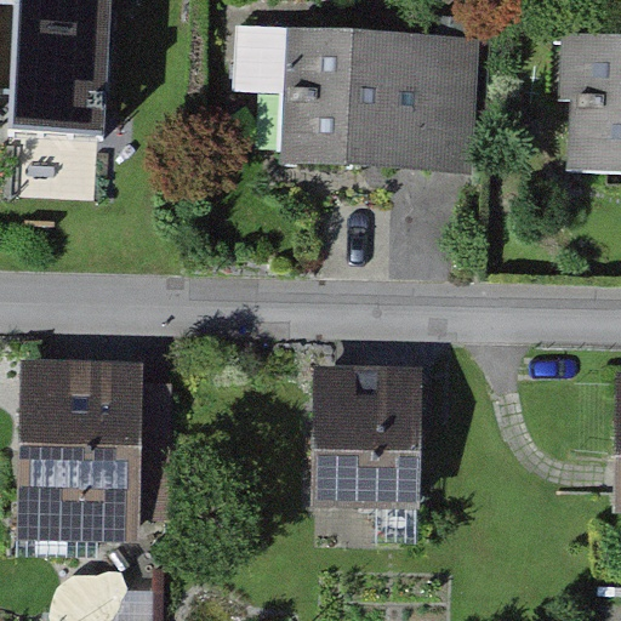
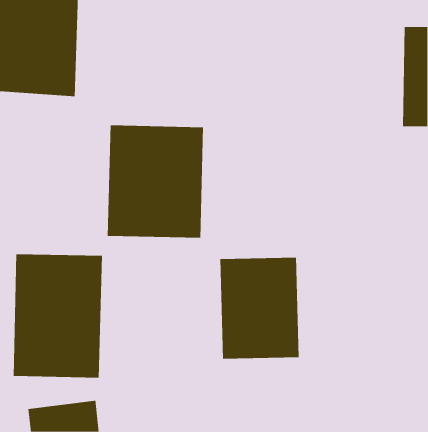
building: [280,34,472,171] -> none
building: none -> [107,125,204,239]

